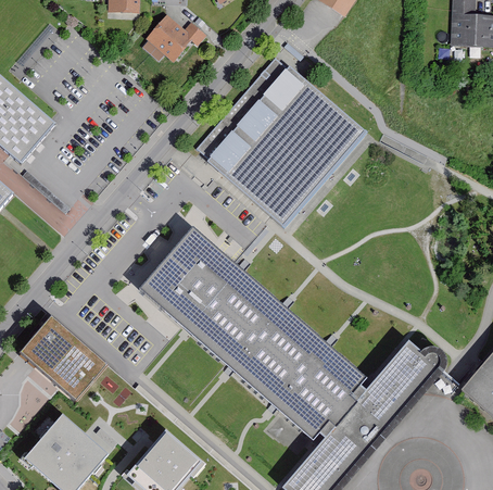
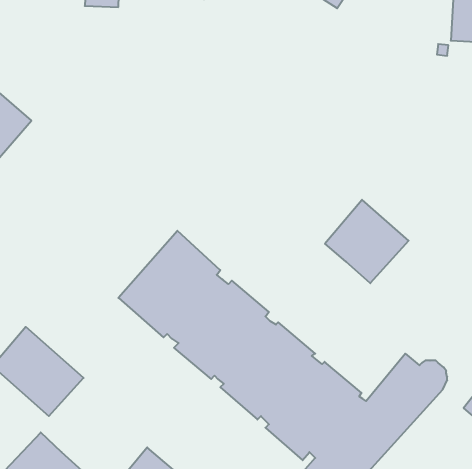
building: [144,16,205,65] -> none
building: [194,54,365,225] -> none
building: none -> [325,200,409,283]

